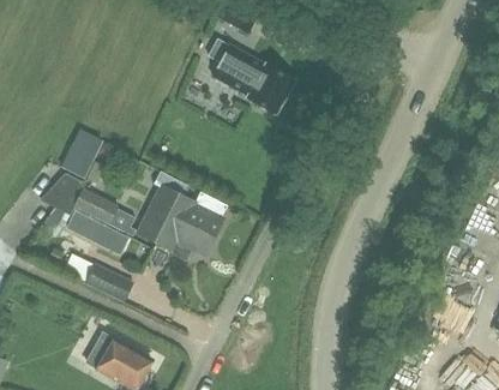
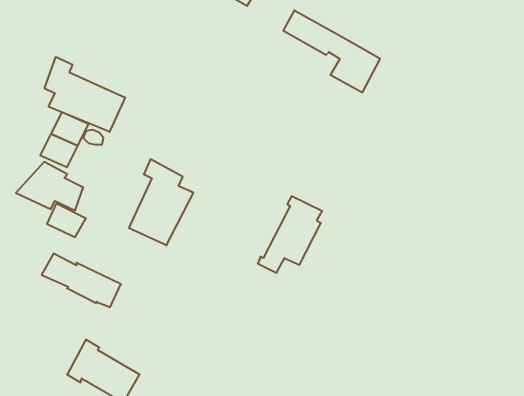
building: [206,38,293,112] -> [283,10,380,92]
building: none -> [45,57,125,132]
building: [169,192,227,260] -> [258,196,322,273]
building: [92,196,136,235] -> none

